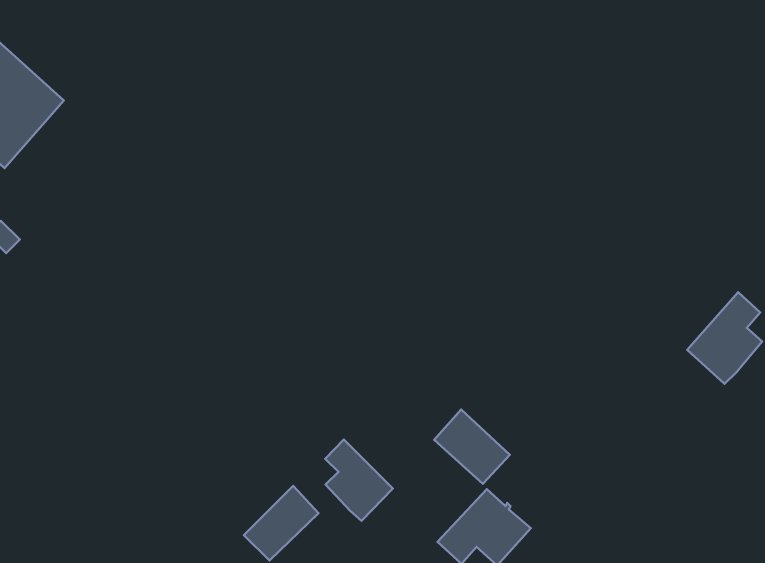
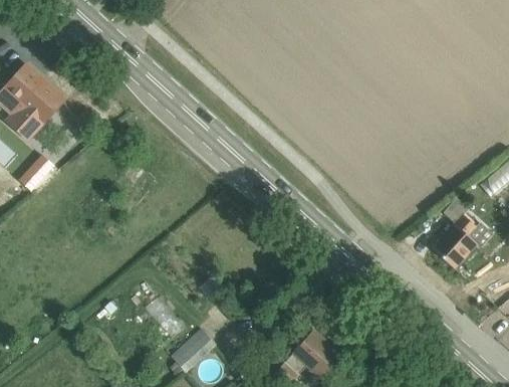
building: [434,409,510,484] -> none
building: [325,440,393,521] -> none

